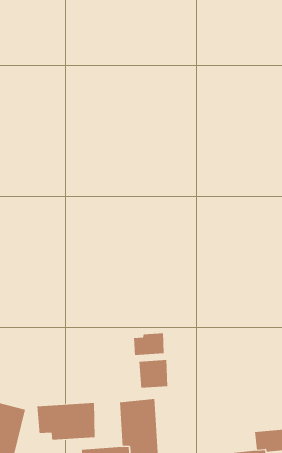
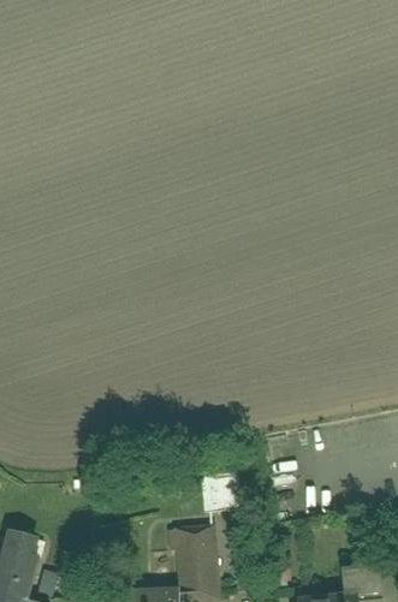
building: [134,333,164,356] -> none
building: [37,402,95,440] -> none

